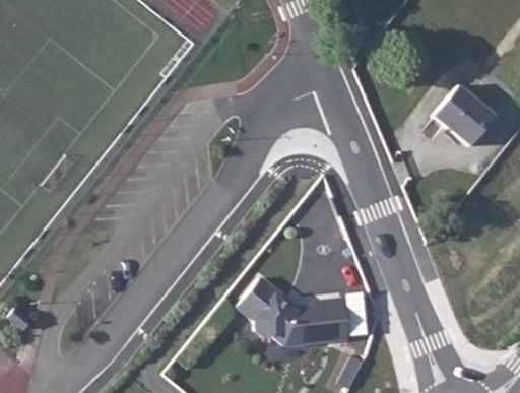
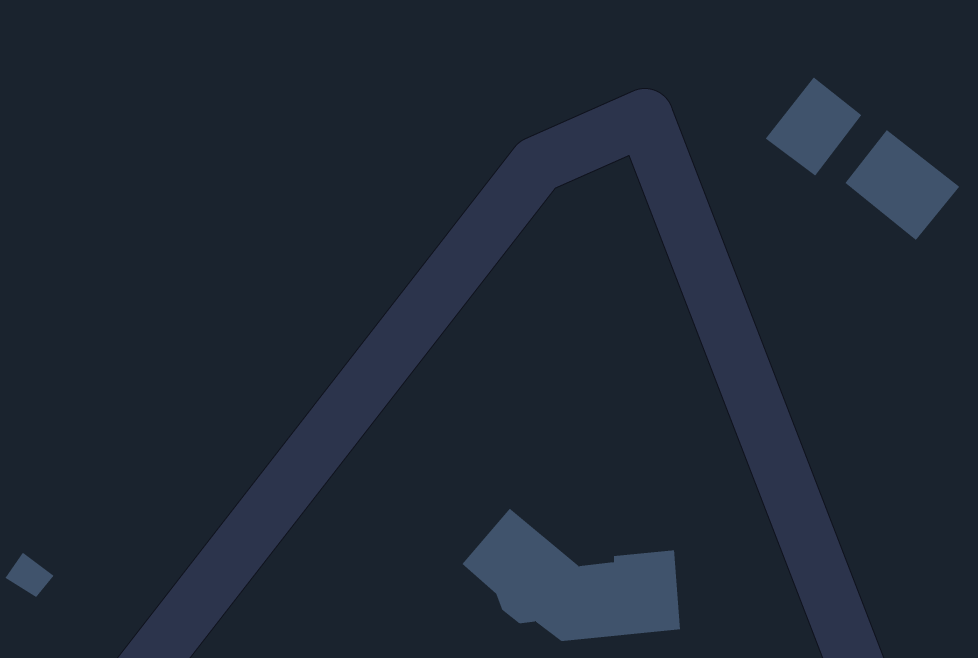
building: none -> [765,77,862,177]

